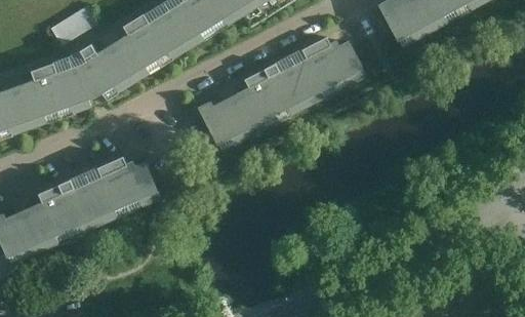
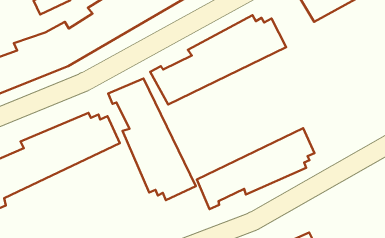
building: none -> [108,78,196,200]
building: none -> [197,128,315,209]

